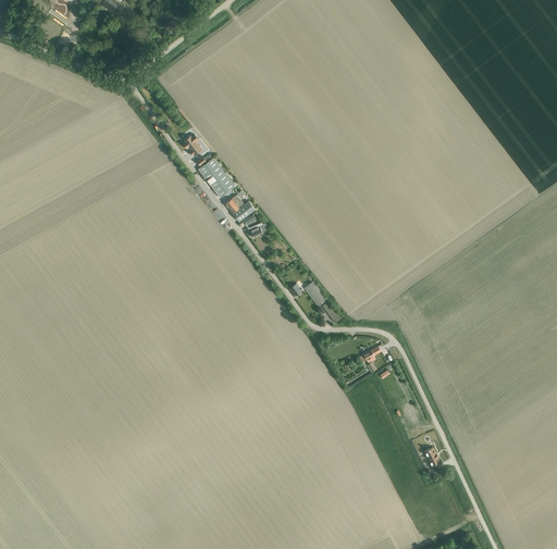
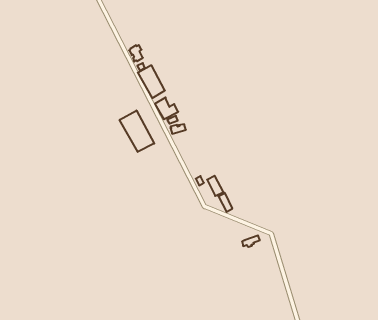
building: none -> [120,110,154,152]

